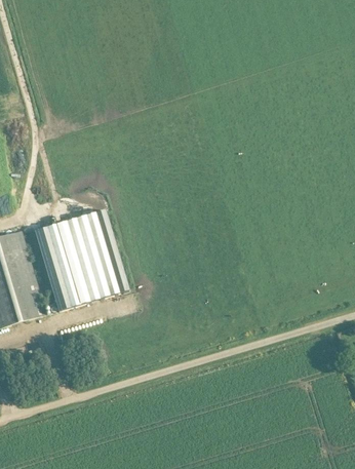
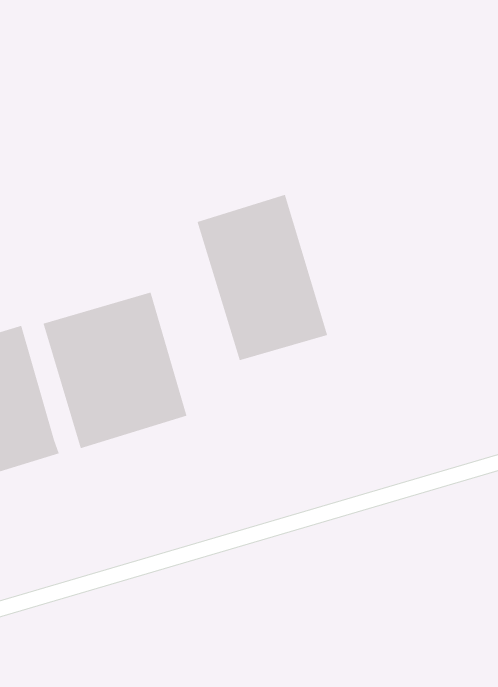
building: none -> [197,194,328,361]

